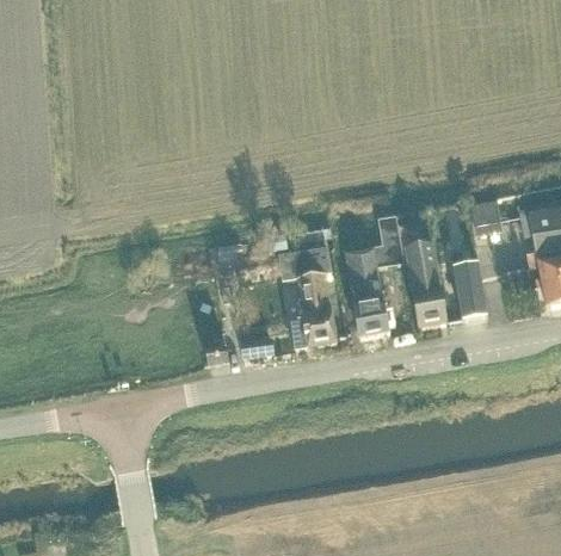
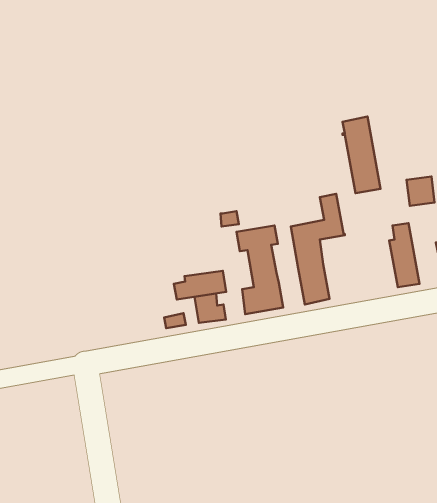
building: [403,240,445,325] -> [343,116,380,193]
building: none -> [174,271,226,299]

